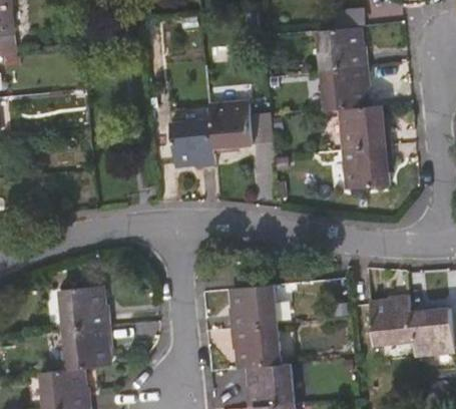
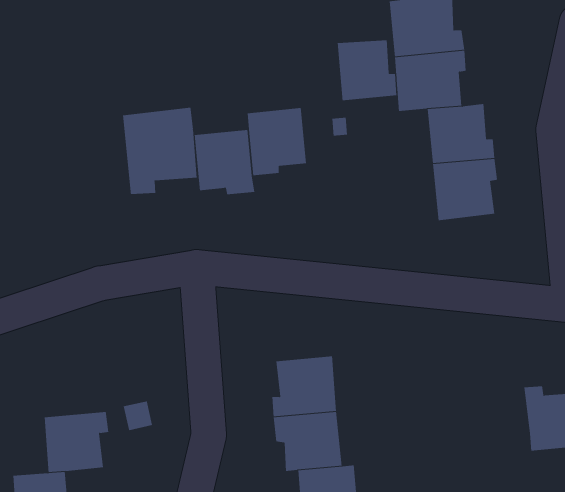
building: none -> [337,40,397,101]
building: none -> [122,107,197,195]
building: [56,291,106,334] -> none
building: [372,300,417,349] -> none

